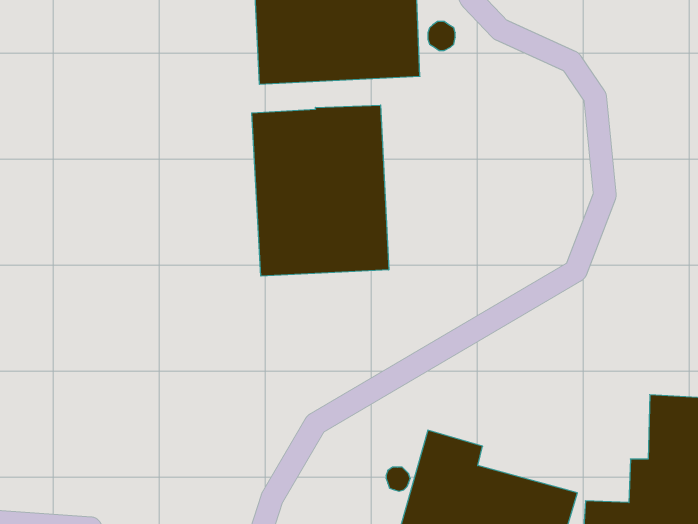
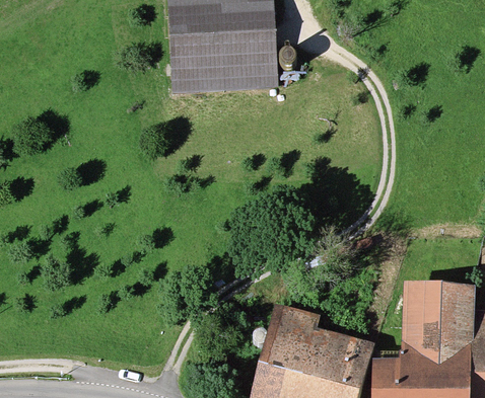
building: [252,105,389,276] -> none

